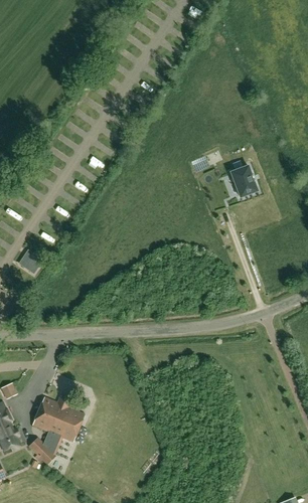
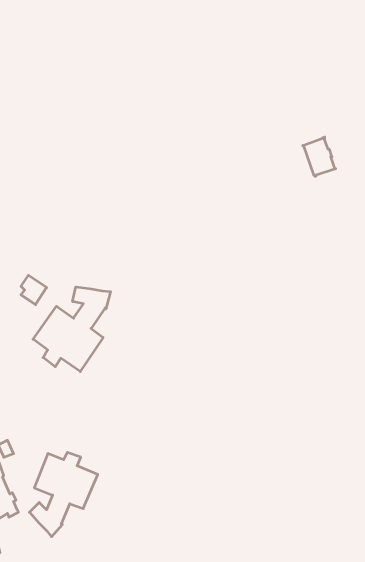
building: [229,164,257,196] -> [303,137,336,176]
building: none -> [33,287,111,372]

